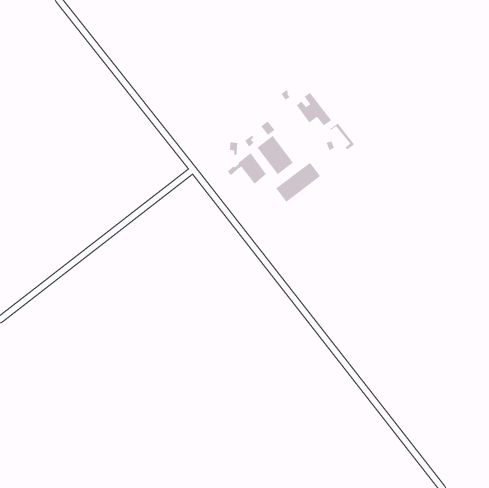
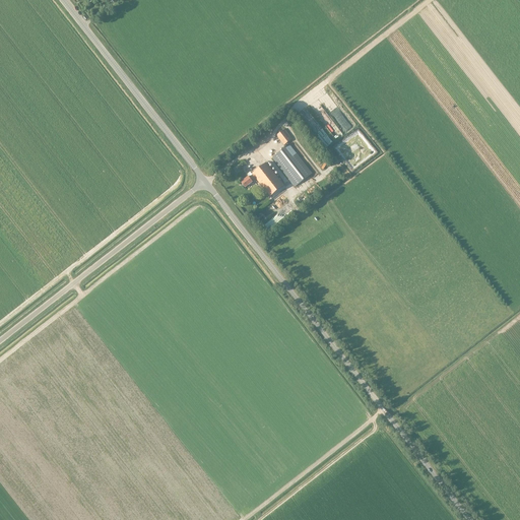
building: [275,162,321,203] -> none

